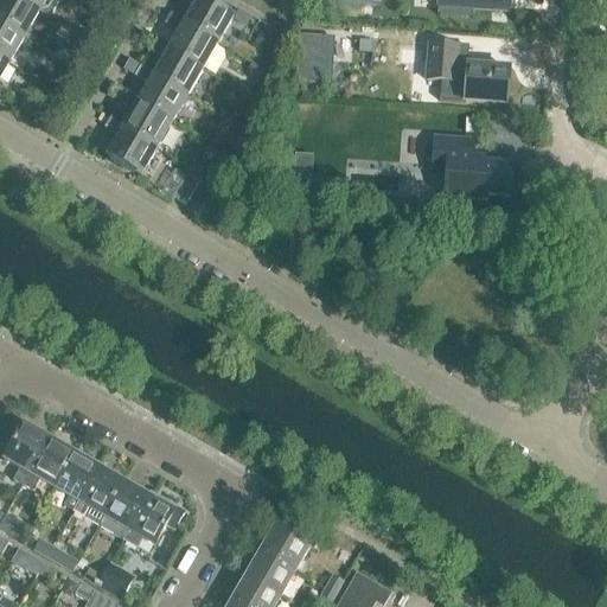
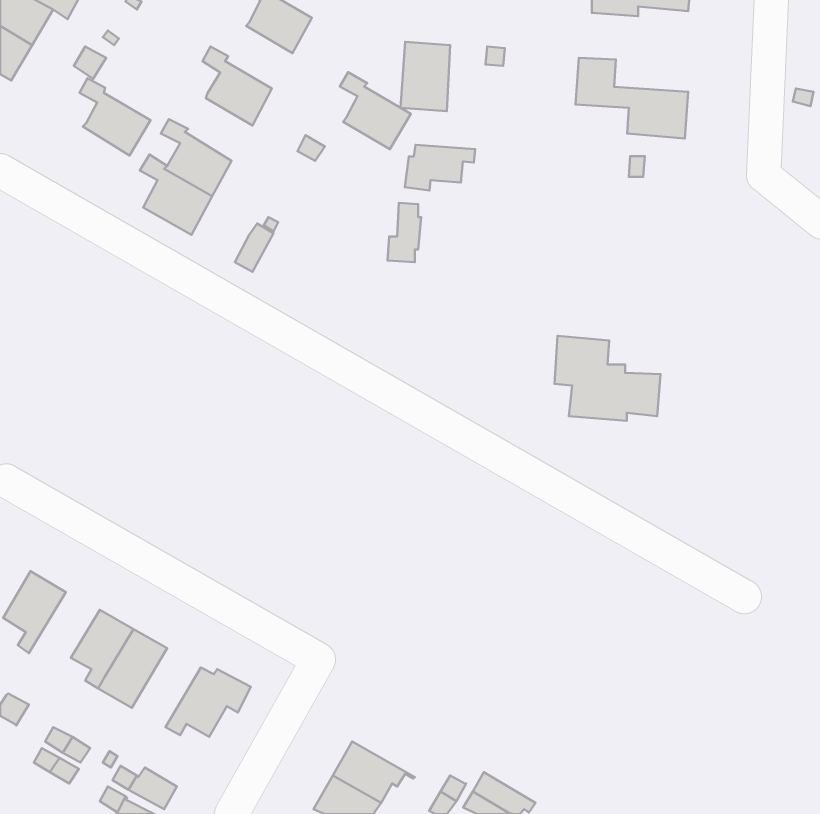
building: [165,8,217,65] -> [340,72,411,149]
building: [135,62,187,119] -> [80,78,150,155]
building: none -> [405,145,475,191]
building: [434,134,512,197] -> [554,336,660,421]
building: [23,436,75,487] -> none
building: [98,478,149,536] -> none
building: [261,520,313,573] -> none

